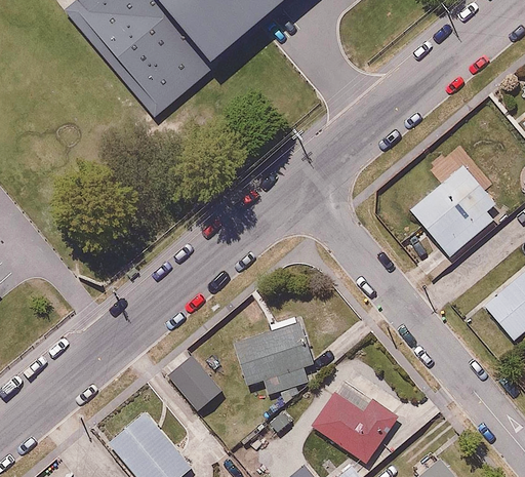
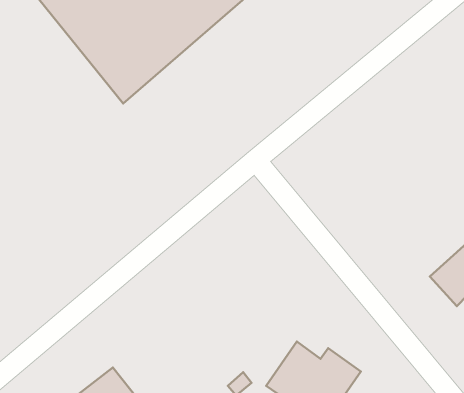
building: [410,160,499,260] -> none
building: [232,313,312,389] -> none
building: [165,352,226,413] -> none

